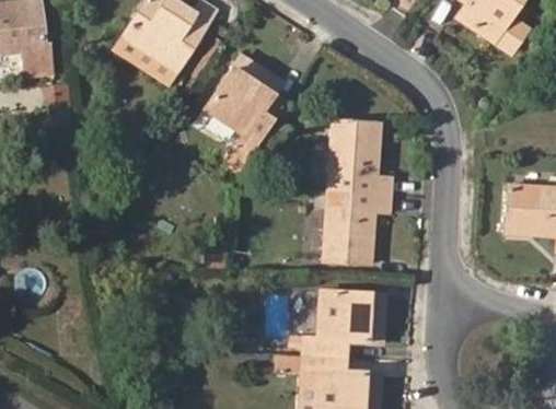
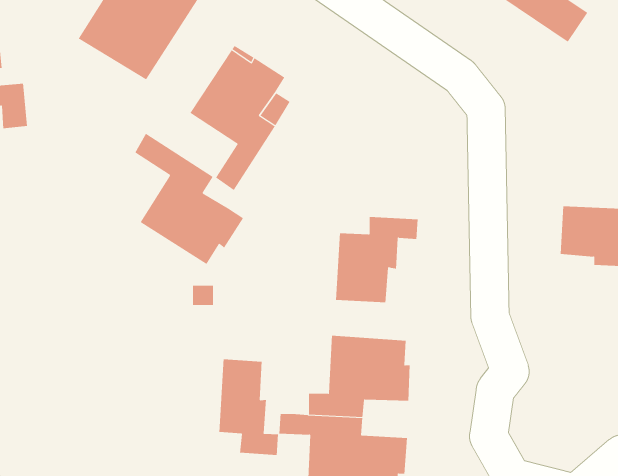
building: [327,121,392,197] -> none
building: none -> [135,133,244,265]
building: none -> [219,358,278,456]

